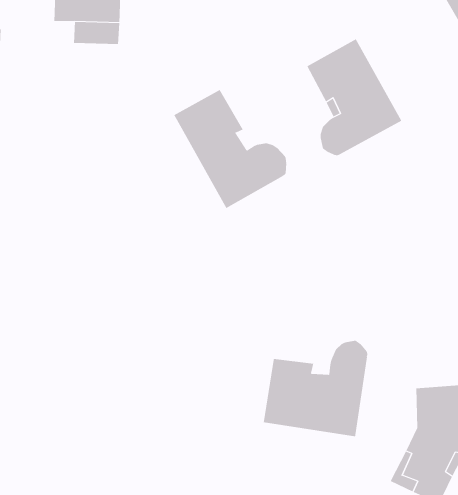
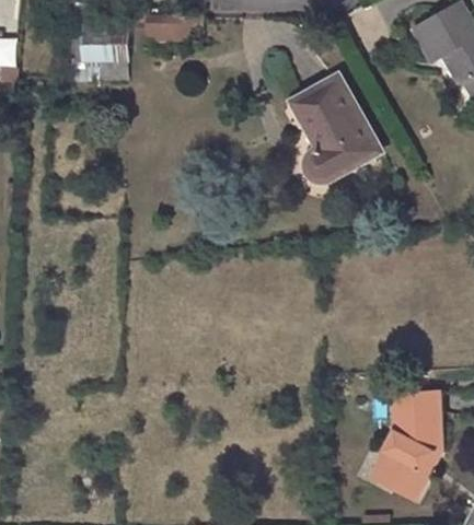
building: [174,89,287,209] -> none
building: [263,340,368,437] -> none

